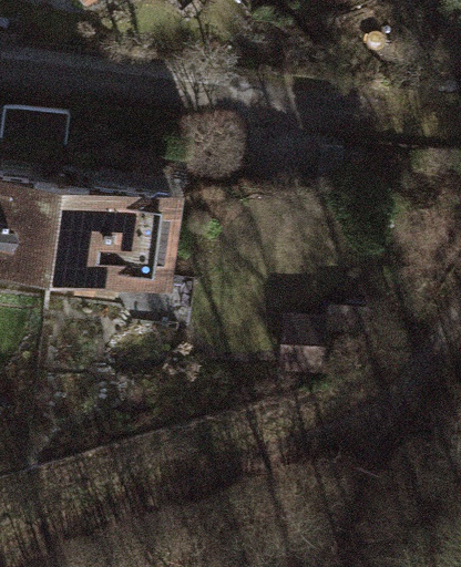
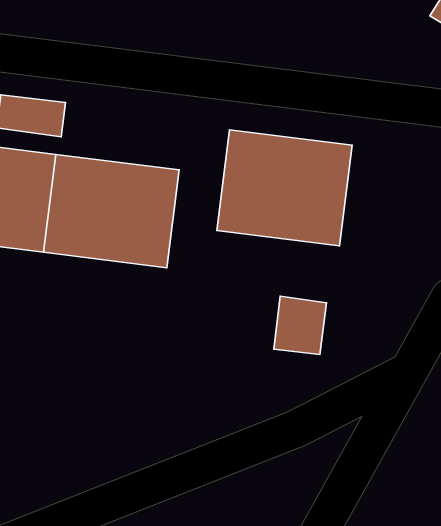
building: none -> [217,130,352,246]

